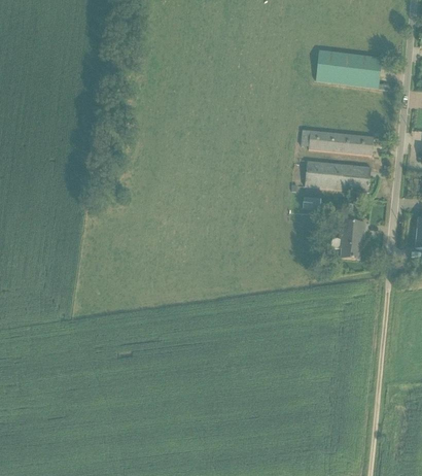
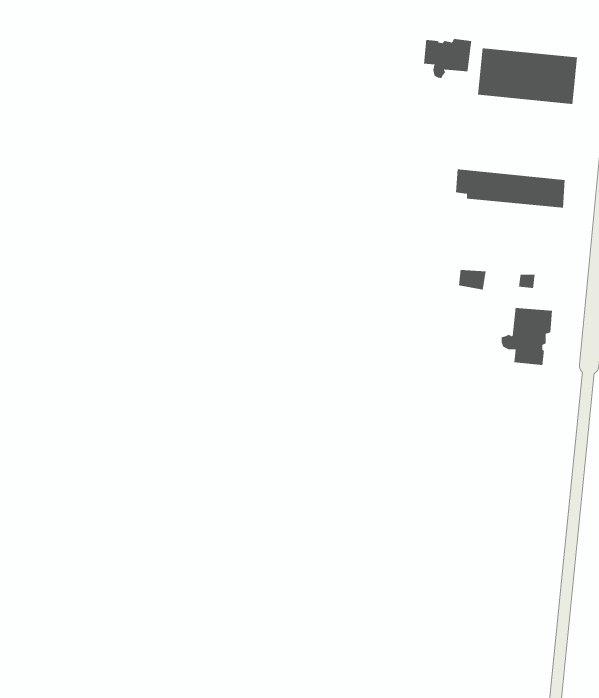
building: none -> [423,38,472,79]
building: [305,160,372,191] -> none

